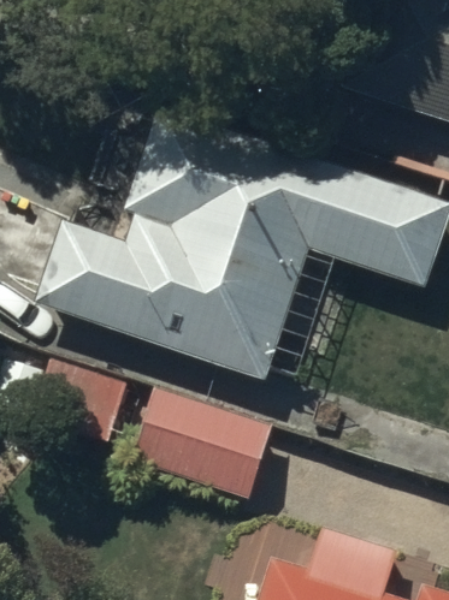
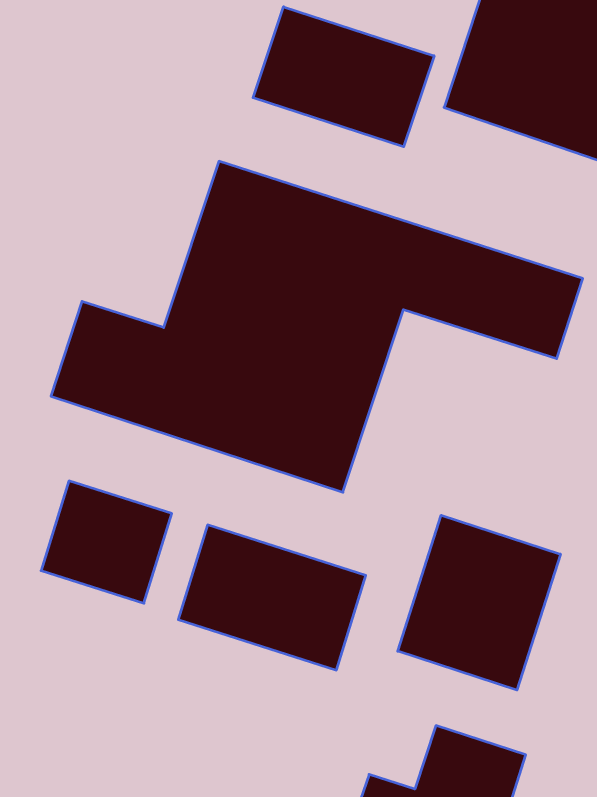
building: none -> [253,7,434,147]
building: none -> [398,515,560,690]

